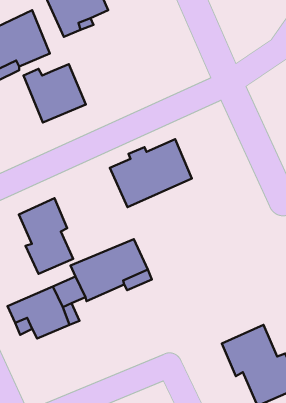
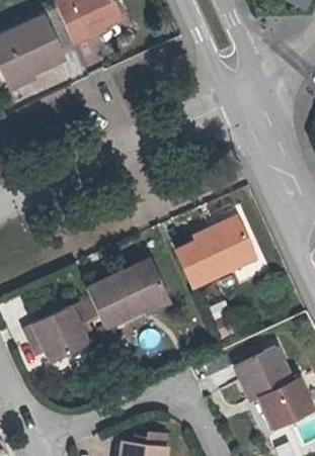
building: [23,64,86,122] -> none
building: [110,139,192,207] -> [175,218,259,288]
building: [19,198,73,274] -> none

